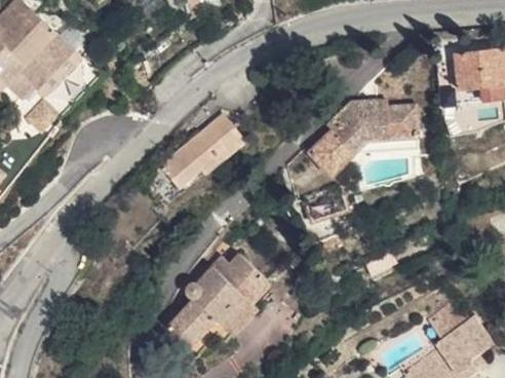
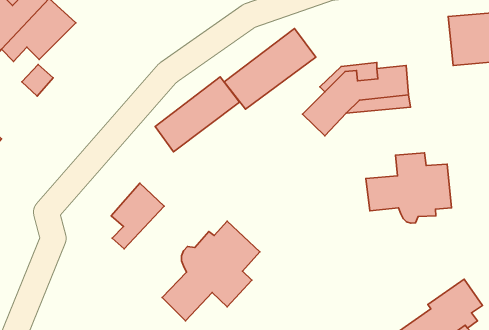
building: none -> [224,29,316,109]
building: none -> [366,153,451,223]
building: none -> [111,183,164,249]

